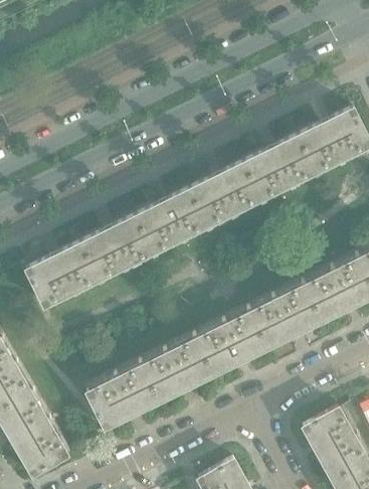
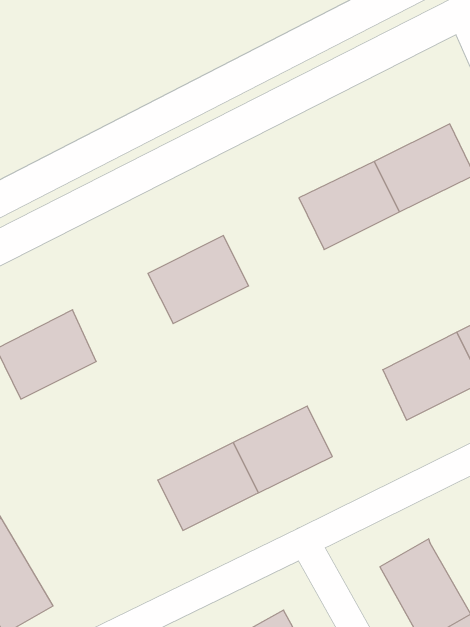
building: [190,162,262,225] -> none
building: [81,216,154,280] -> none
building: [250,286,322,348] -> none
building: [86,365,161,430] -> none

